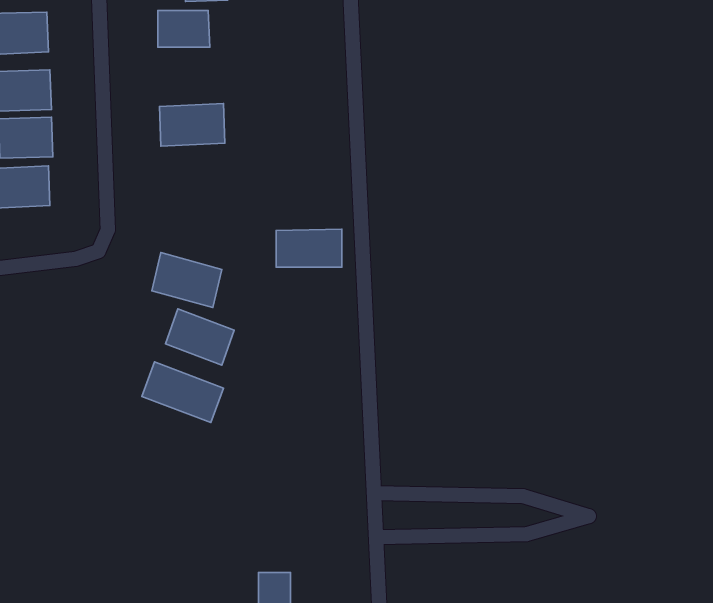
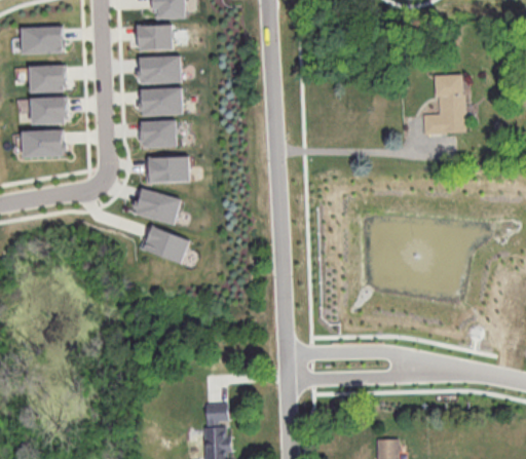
building: none -> [138,55,182,83]
building: none -> [422,74,464,133]
building: none -> [140,120,177,148]
building: [276,229,342,267] -> [145,156,189,182]
building: [142,362,223,423] -> none

